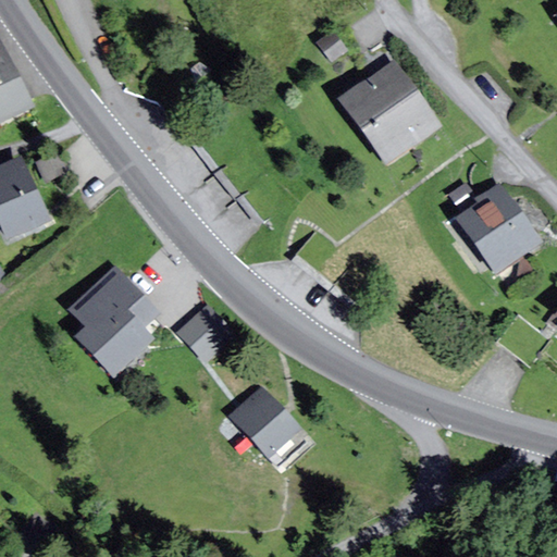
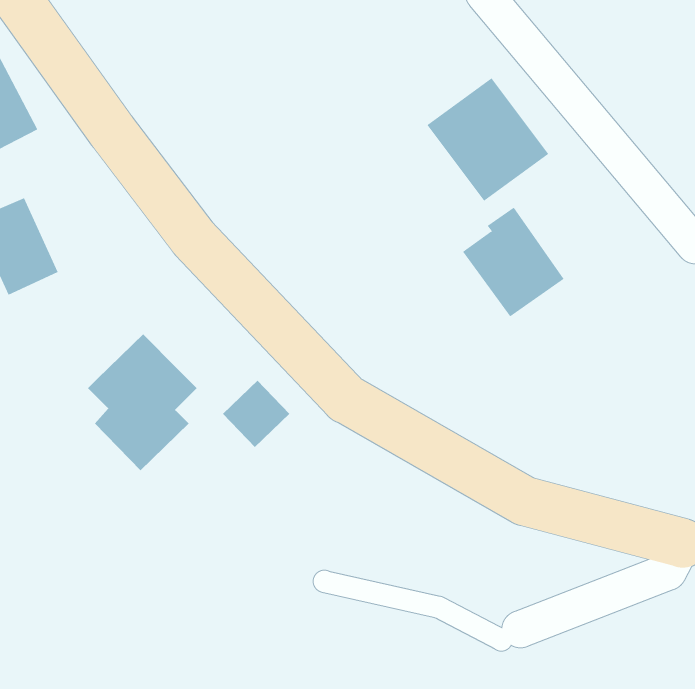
building: [457,184,539,272] -> [462,207,564,317]
building: [239,396,296,453] -> none

